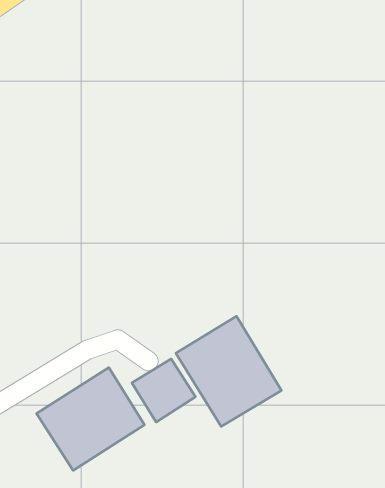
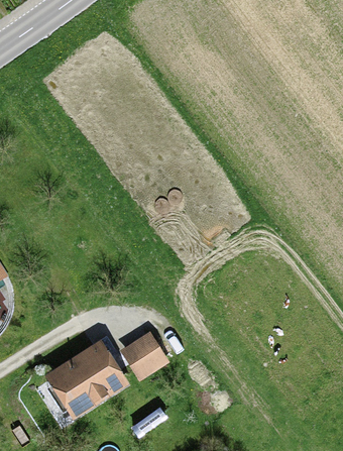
building: [176,316,281,426] -> none

